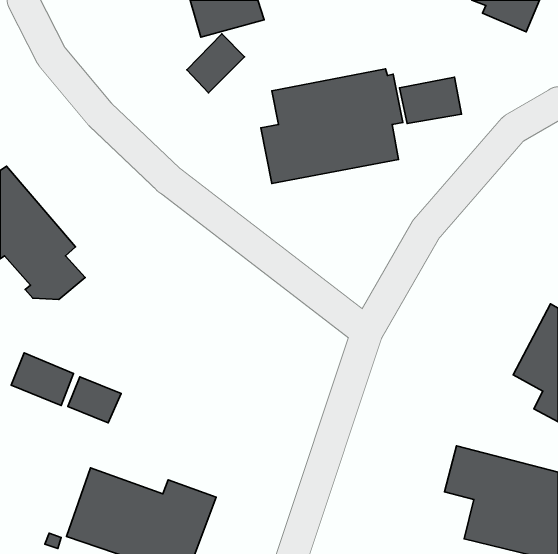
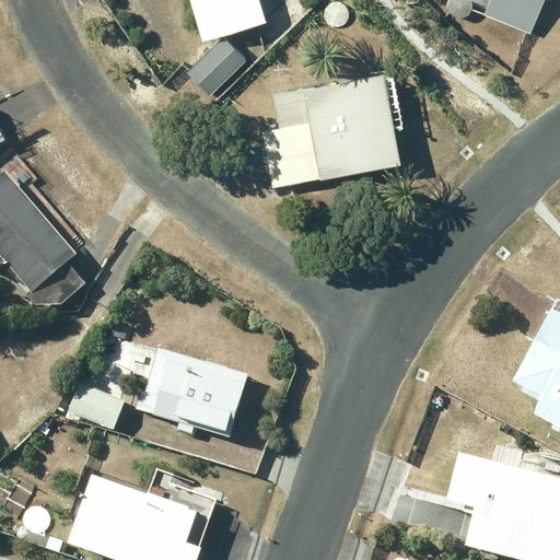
building: [400,77,462,124] -> none
building: none -> [136,347,248,438]
building: [11,353,73,406] -> none

